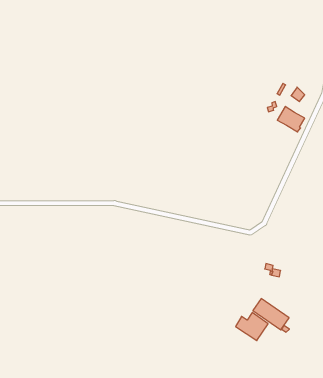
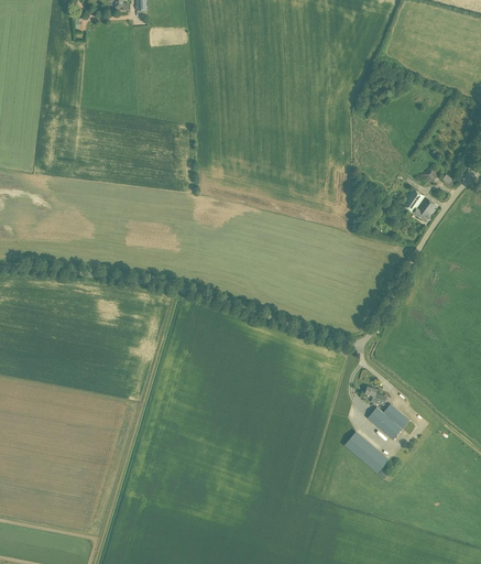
building: [236,313,268,341] -> [367,403,408,440]

